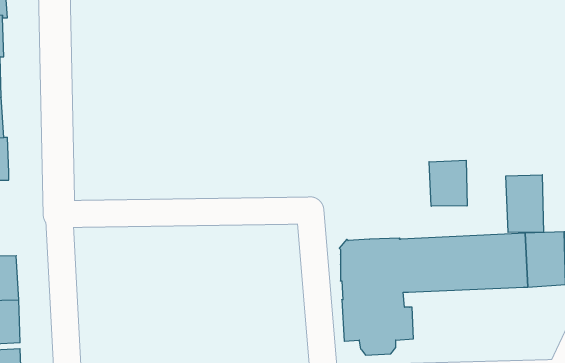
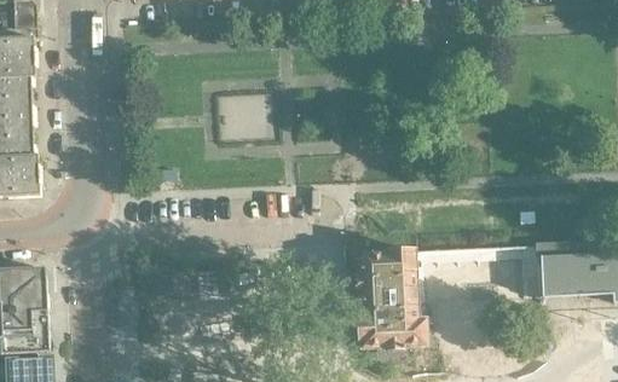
building: [429,160,467,206] -> none
building: [506,175,543,232] -> none

